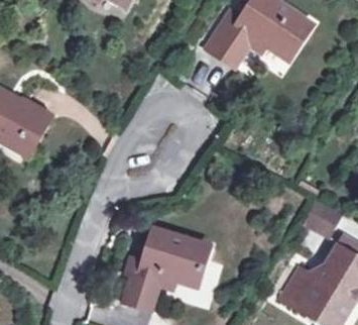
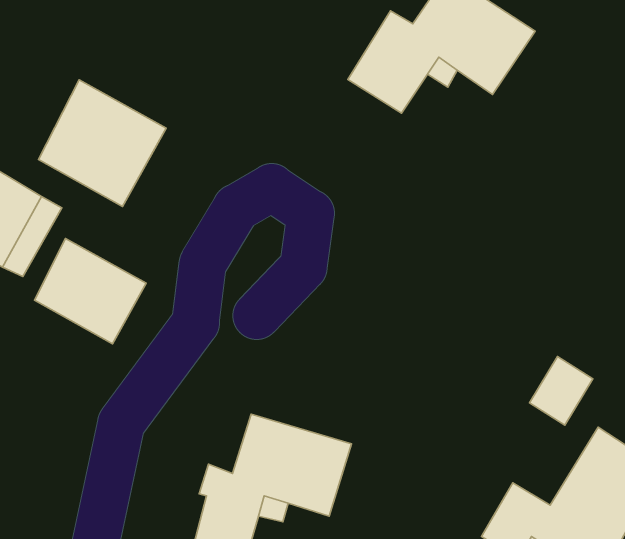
building: none -> [39,80,166,207]
building: none -> [34,239,146,344]

